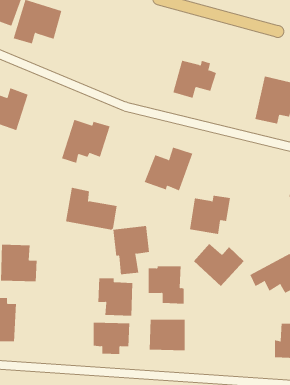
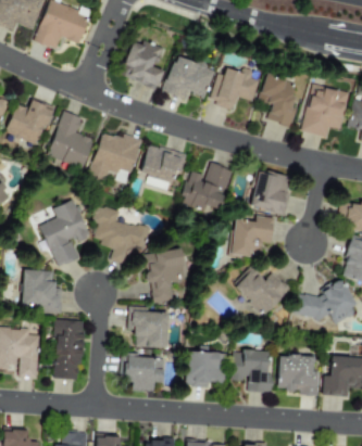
building: none -> [120,40,164,88]
building: none -> [162,54,215,99]
building: none -> [259,75,298,126]
building: none -> [48,111,92,168]
building: none -> [140,143,187,189]
building: none -> [250,169,292,214]
building: none -> [39,199,90,267]
building: [148,266,184,304] -> [232,349,272,392]
building: none -> [53,319,84,380]
building: none -> [277,355,320,395]

